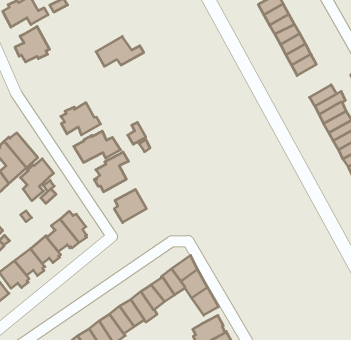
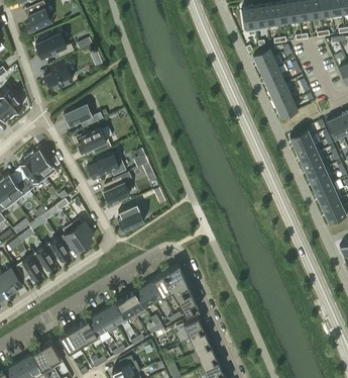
building: [96,36,144,66] -> [63,104,103,128]
building: [20,159,54,201] -> none

